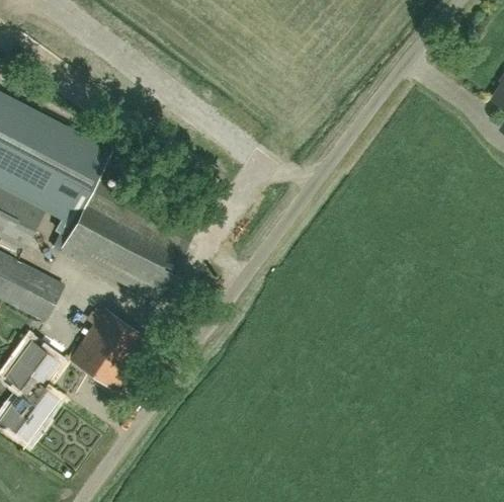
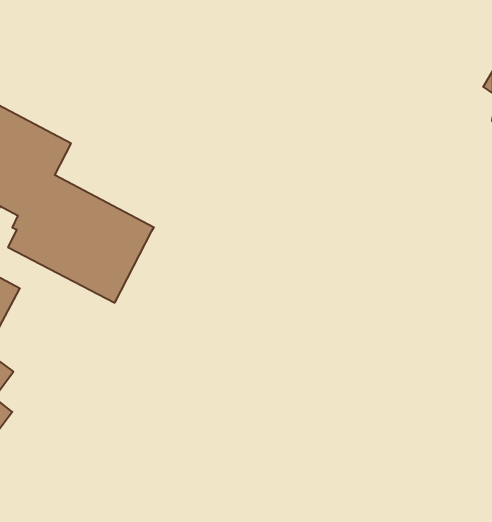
building: [69,308,148,388] -> none

